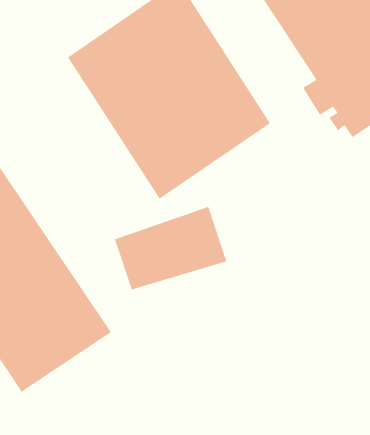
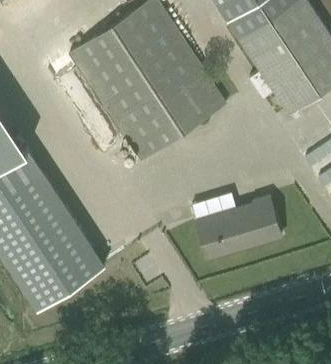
building: [114,206,227,290] -> [195,195,281,259]

